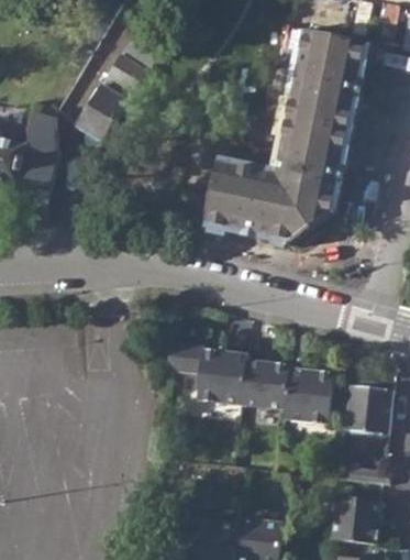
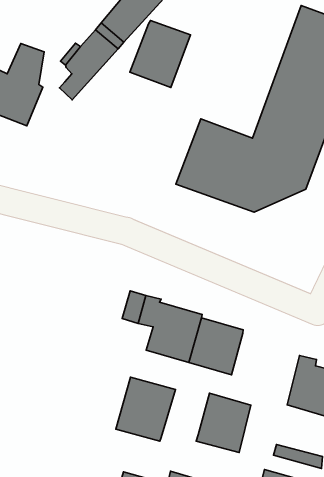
building: none -> [130,20,190,87]
building: [288,364,336,418] -> [196,393,251,452]
building: none -> [116,377,176,441]

